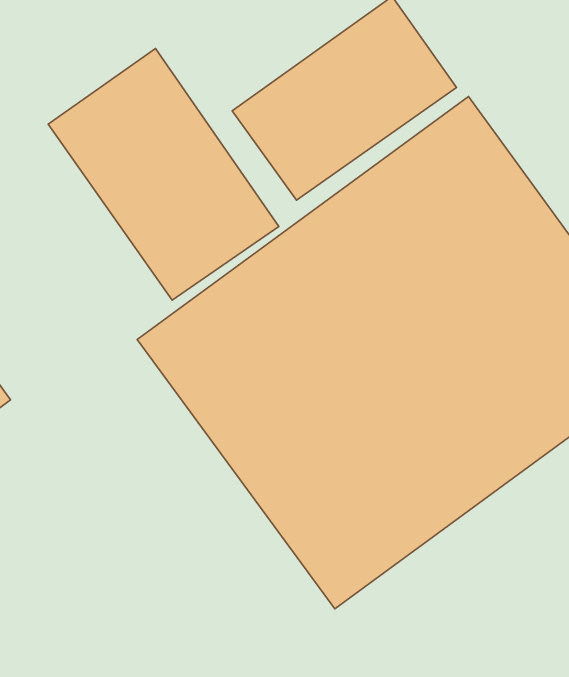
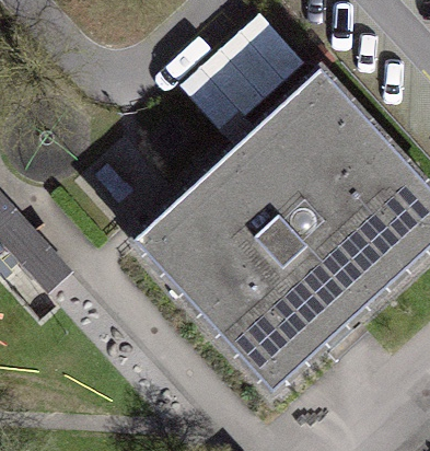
building: [48,49,279,300] -> none

